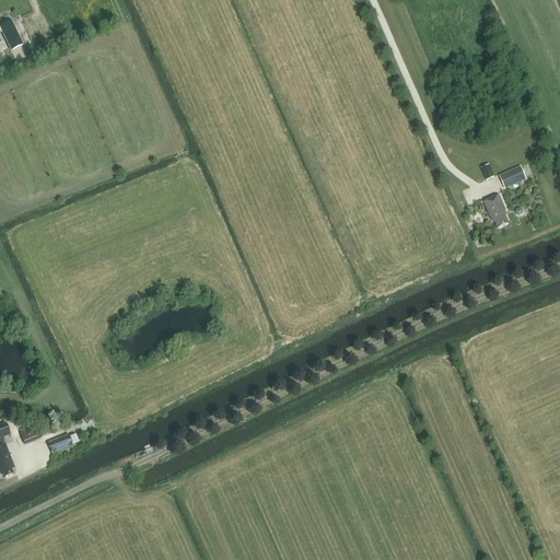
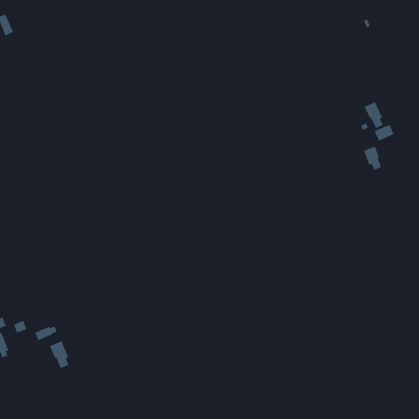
building: none -> [364,101,383,129]
building: none -> [49,340,69,369]

